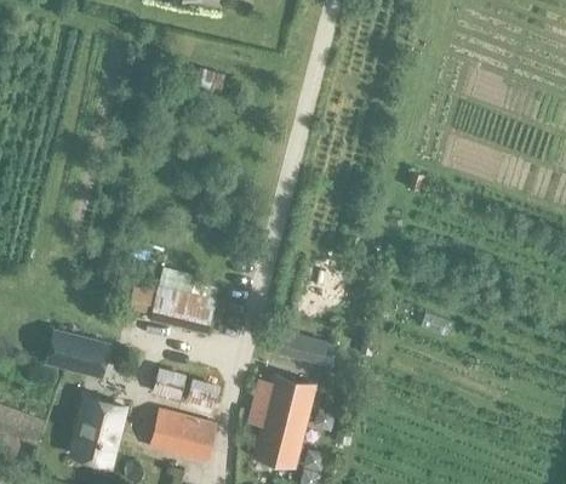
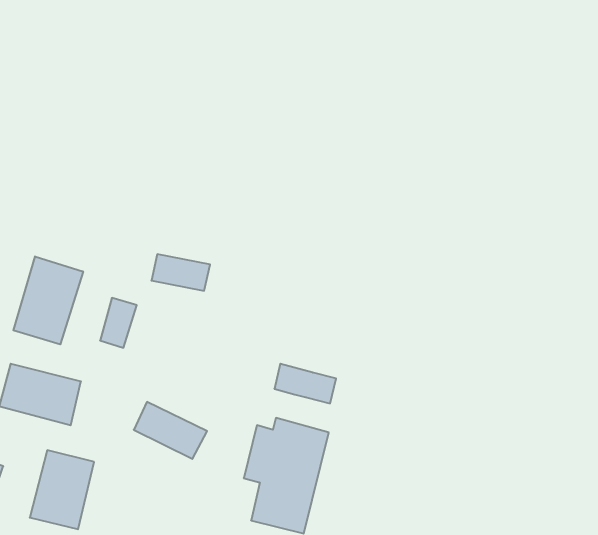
building: none -> [13,256,83,344]
building: [164,285,212,315] -> [151,254,210,291]
building: [148,408,216,463] -> none

